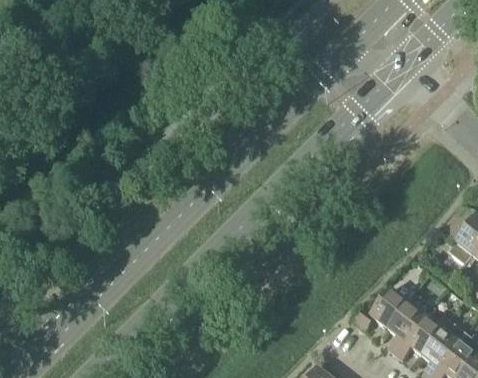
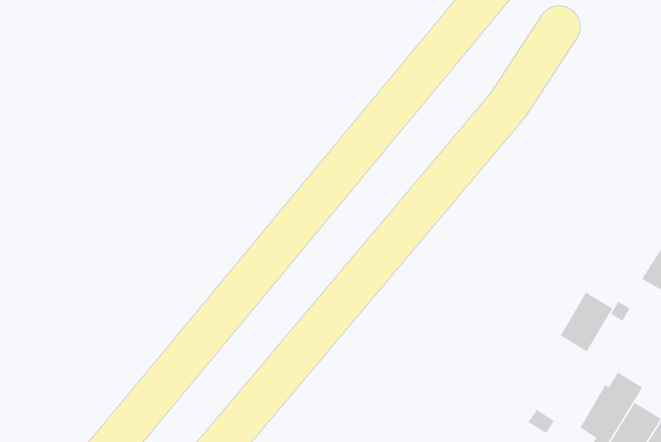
building: [372,290,409,330] -> [560,292,613,352]

